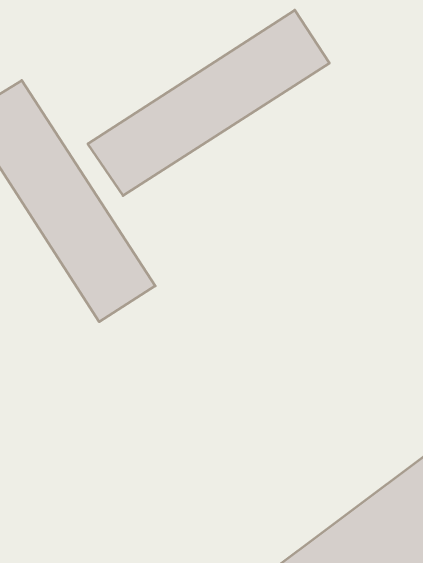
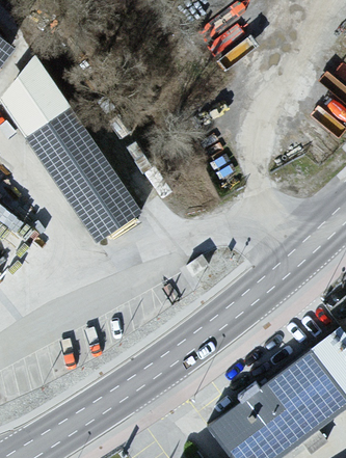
building: [88,10,329,196] -> none

